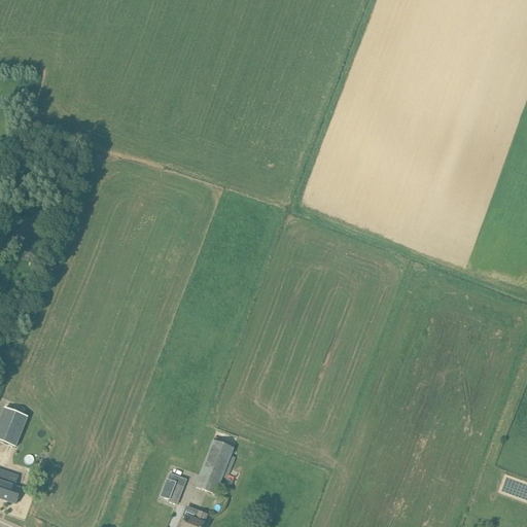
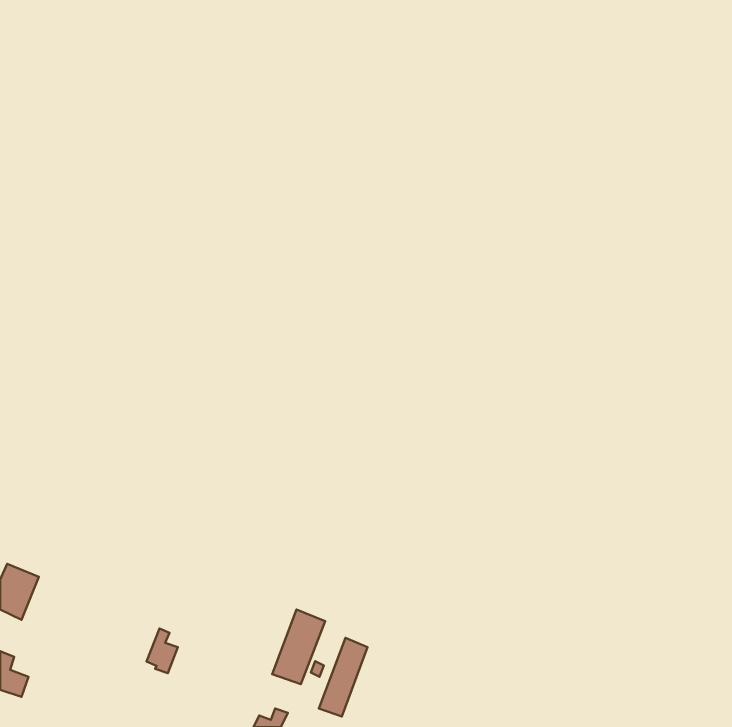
building: none -> [319,638,368,716]
building: [162,470,184,502] -> [146,629,178,673]

